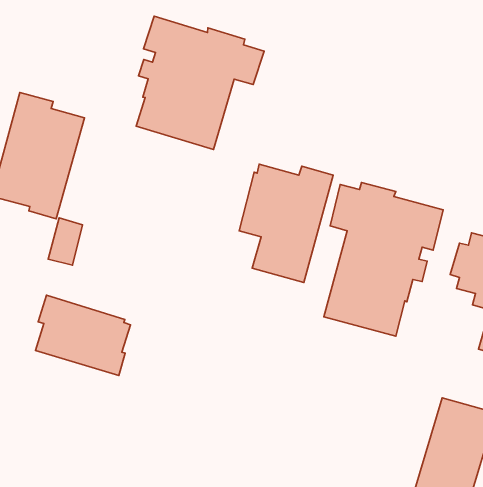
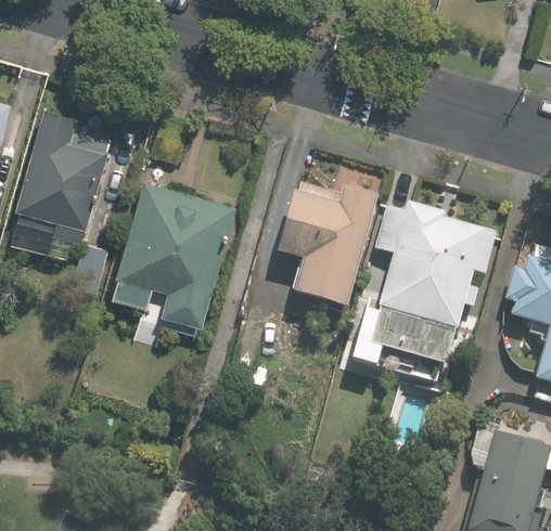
building: [136,16,264,149] -> none
building: none -> [111,178,236,326]
building: [36,295,130,375] -> none

